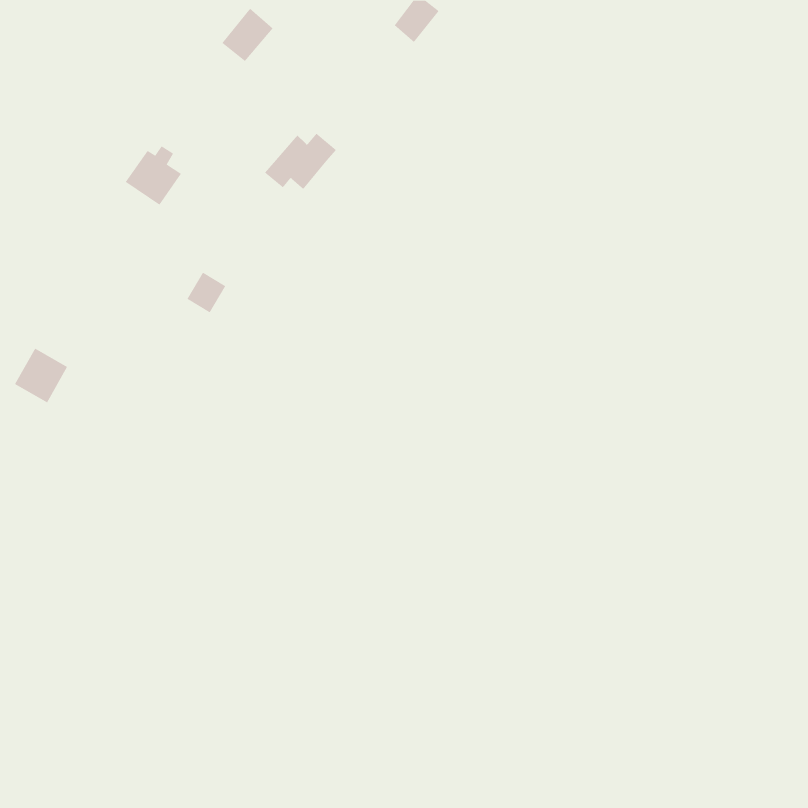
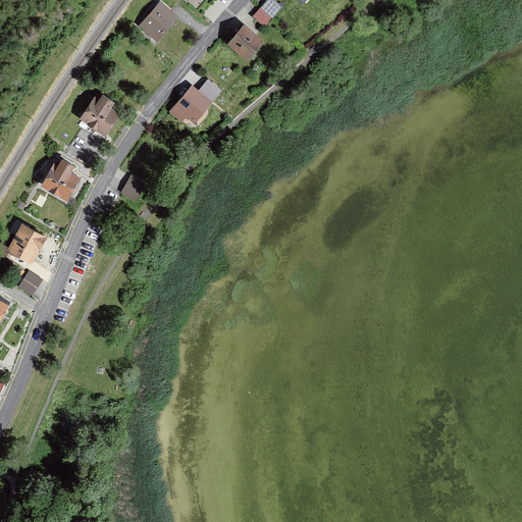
building: none -> [228,25,265,62]
building: none -> [37,156,77,201]
building: none -> [15,271,42,299]

